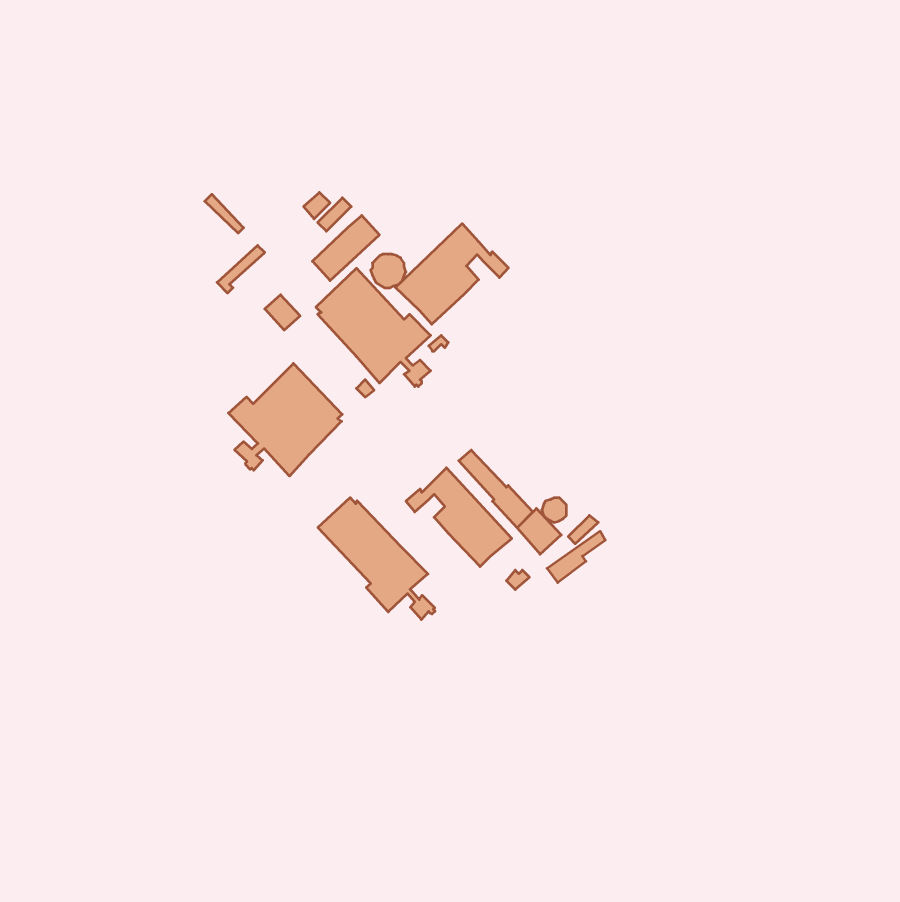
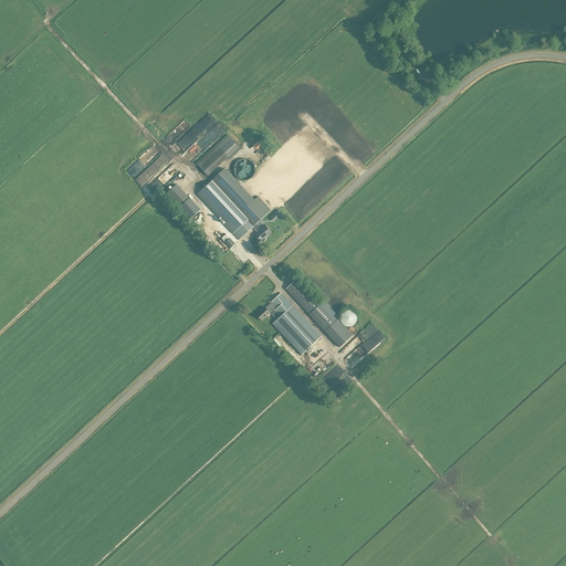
building: [395,224,508,324] -> none
building: [228,363,342,476] -> none
building: [318,498,435,620] -> none

